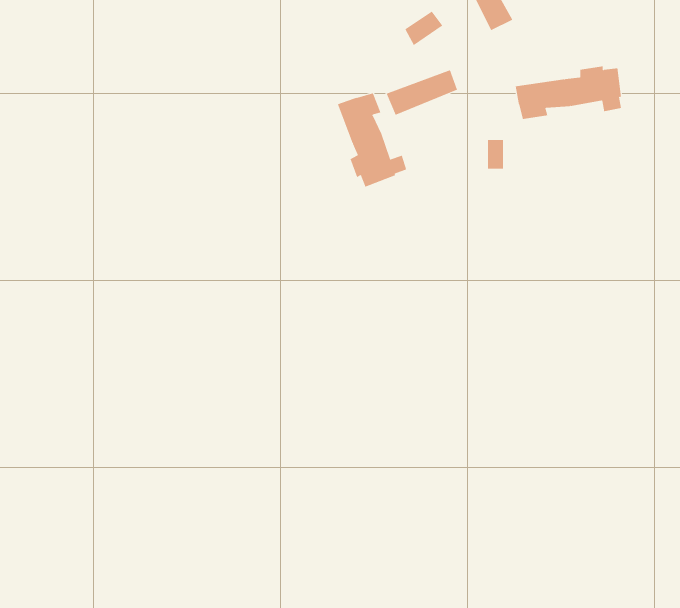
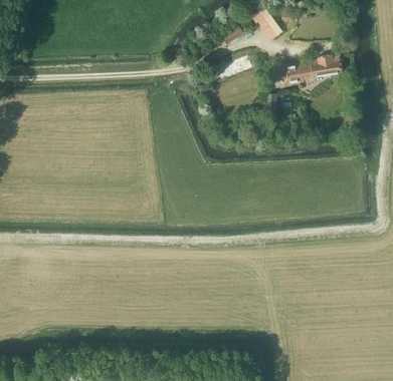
building: [337,92,407,188] -> none

